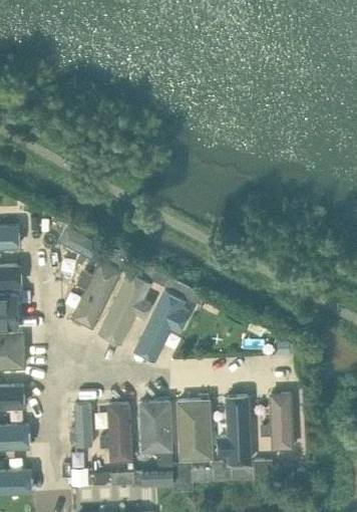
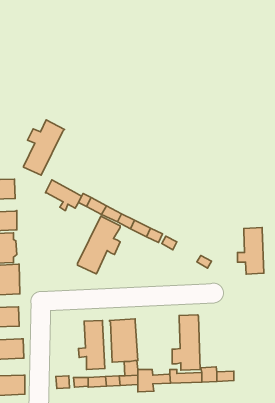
building: [71,259,122,328] -> [24,120,64,175]
building: [133,289,191,361] -> none
building: [261,393,294,451] -> [237,228,264,274]
building: [176,399,213,461] -> none
building: [73,405,92,447] -> none

